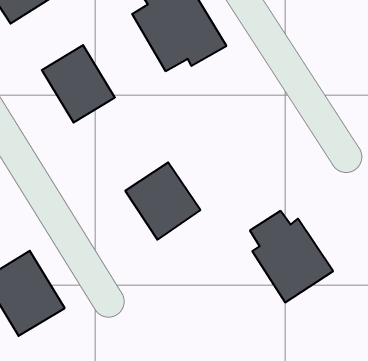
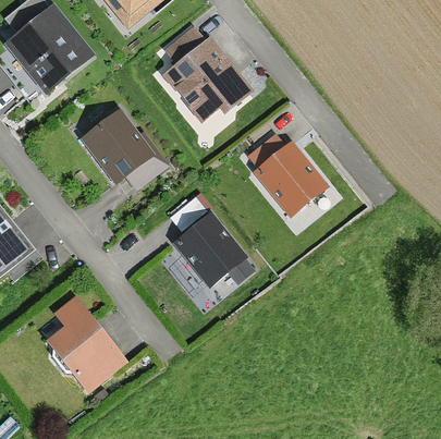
building: [250,211,333,302] -> [247,132,331,219]

